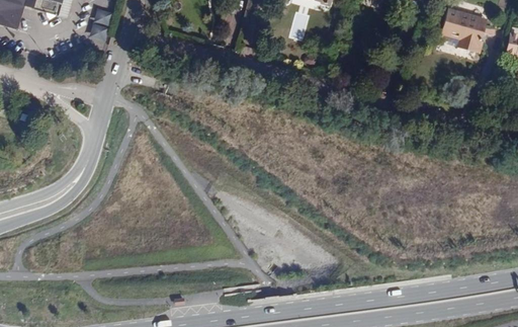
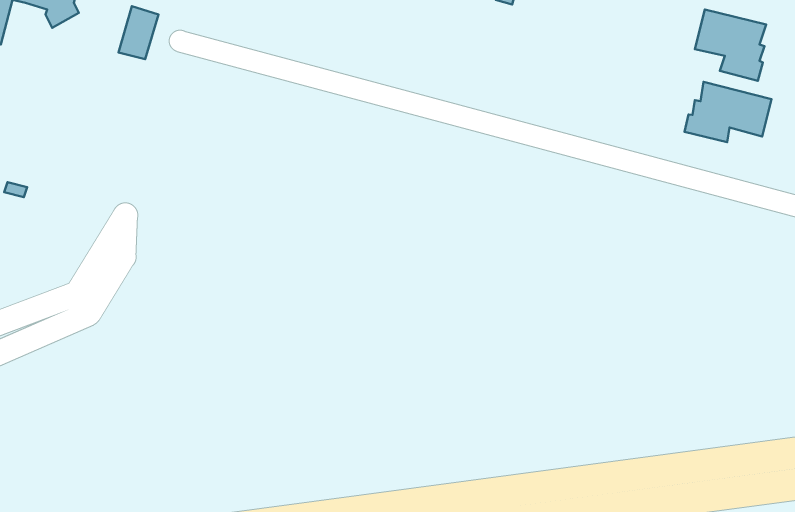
building: none -> [685,82,772,142]

